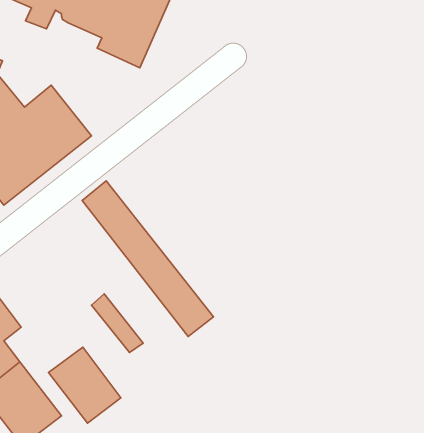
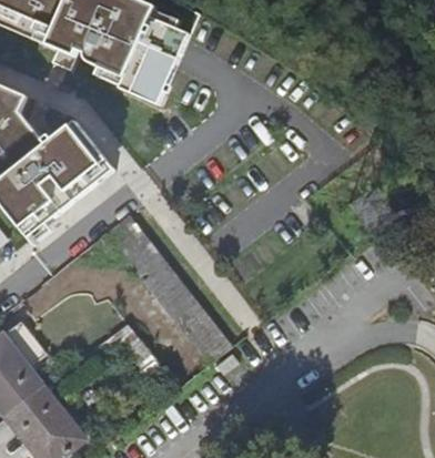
building: [49,347,121,423] -> none

